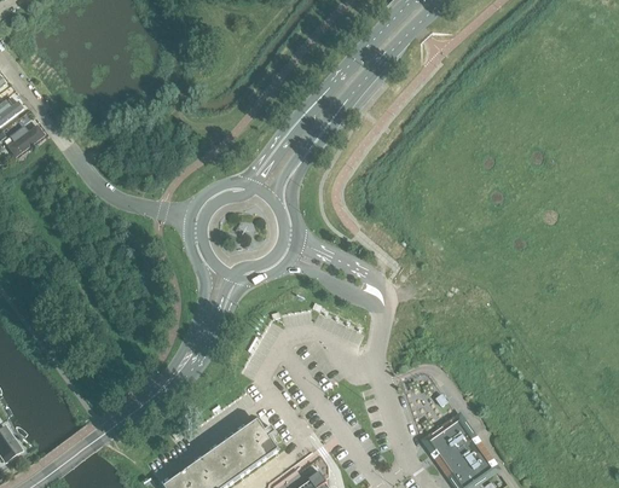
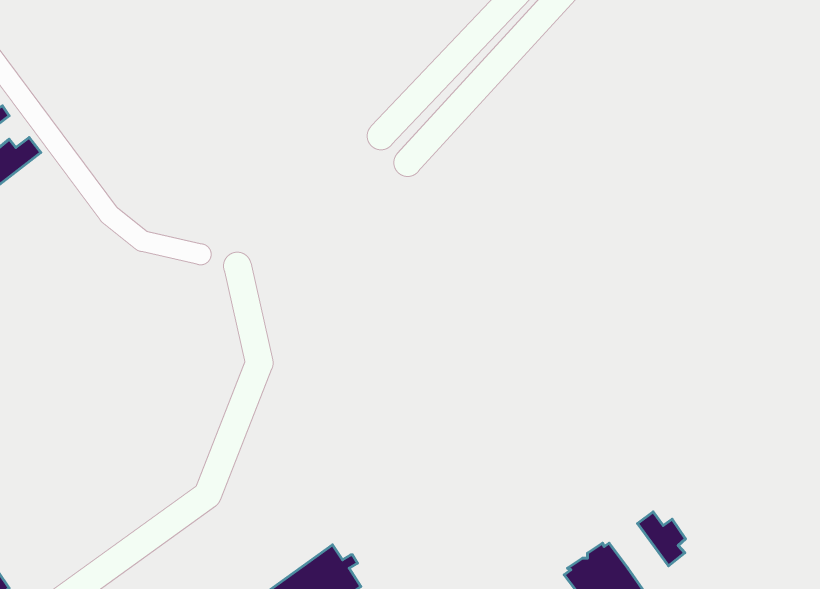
building: none -> [637,512,686,566]

